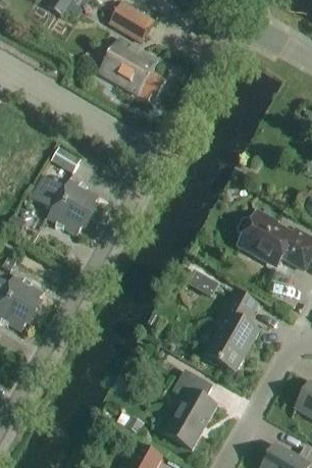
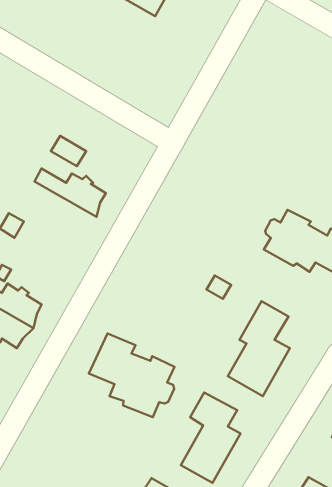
building: [98,37,166,100] -> none
building: [25,184,91,236] -> none
building: none -> [89,333,175,417]

